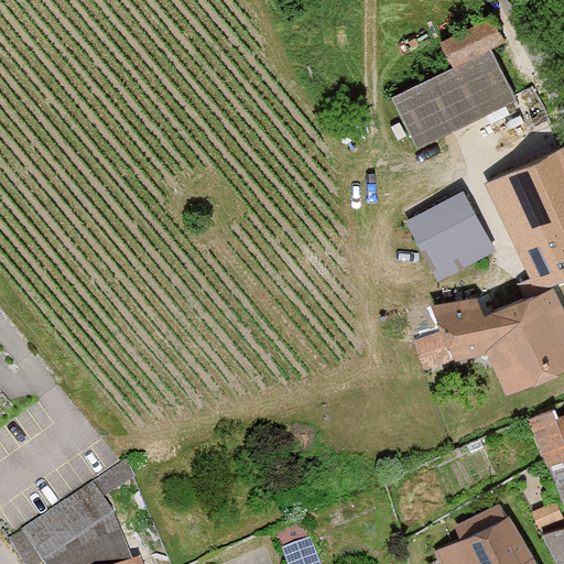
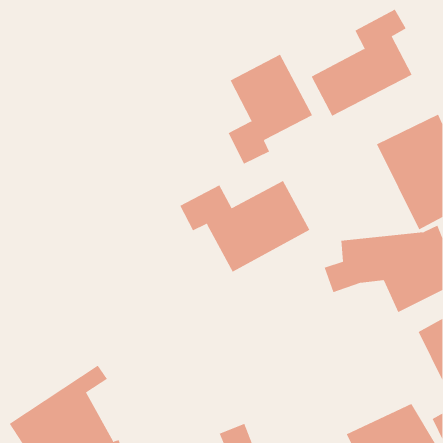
building: none -> [228,54,313,165]
building: [403,188,496,282] -> none
building: none -> [180,180,310,272]

